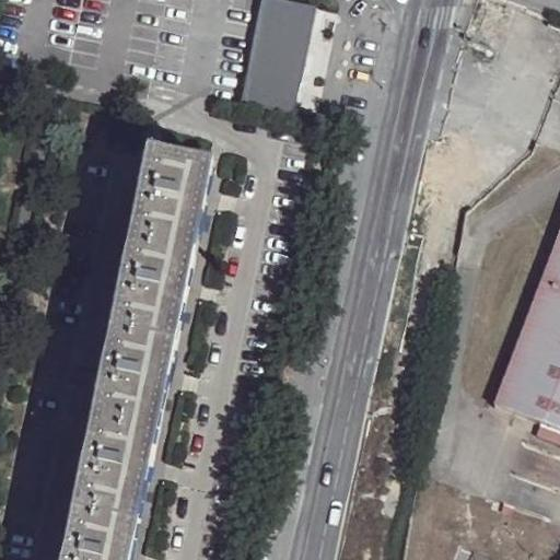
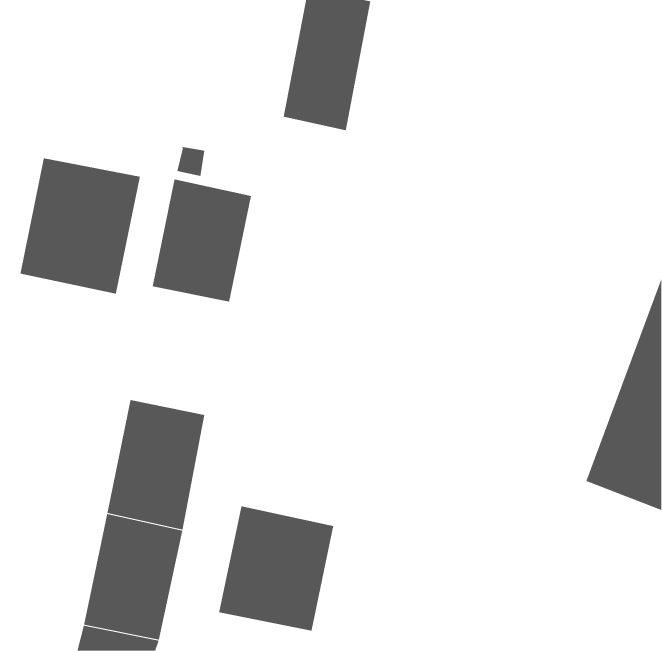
building: none -> [20,157,140,294]
building: [109,242,194,350] -> none
building: none -> [219,506,334,632]

